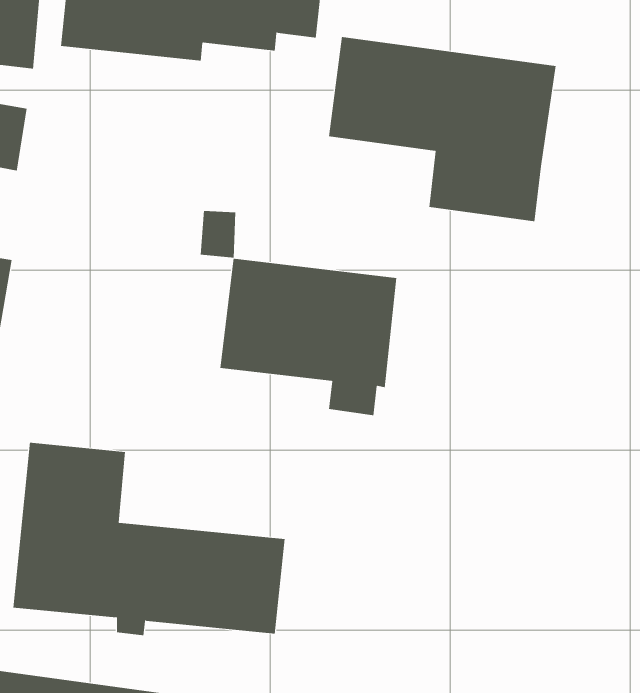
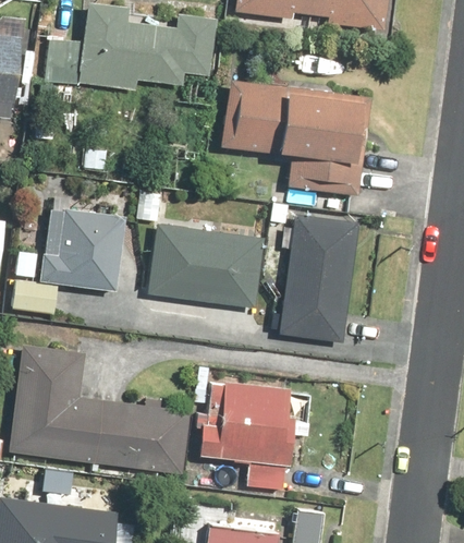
building: none -> [11,194,122,313]
building: none -> [281,216,357,342]
building: none -> [204,379,297,492]

